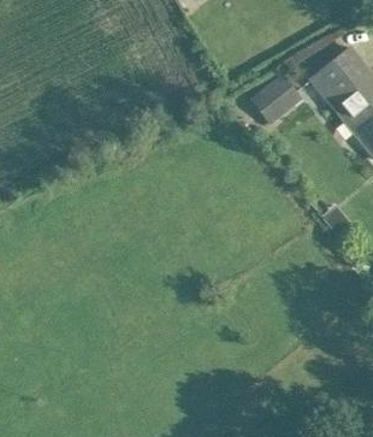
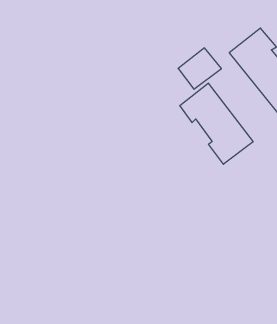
building: none -> [180,83,253,164]

